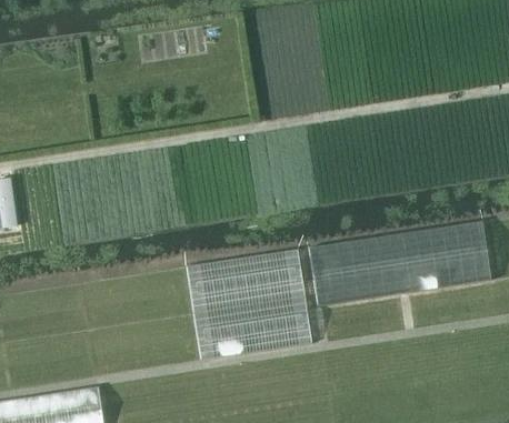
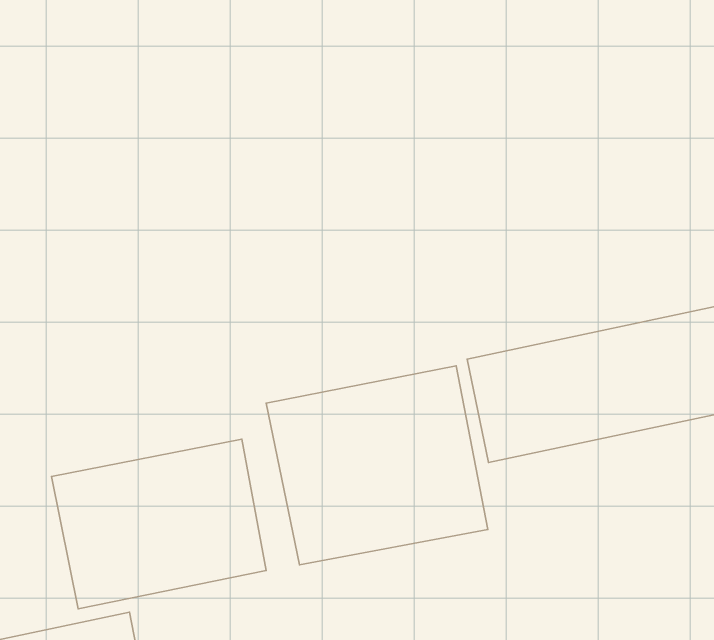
building: none -> [52,439,266,609]

